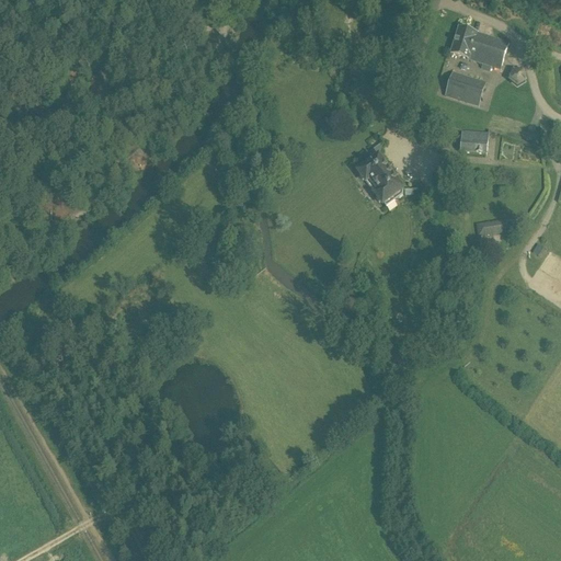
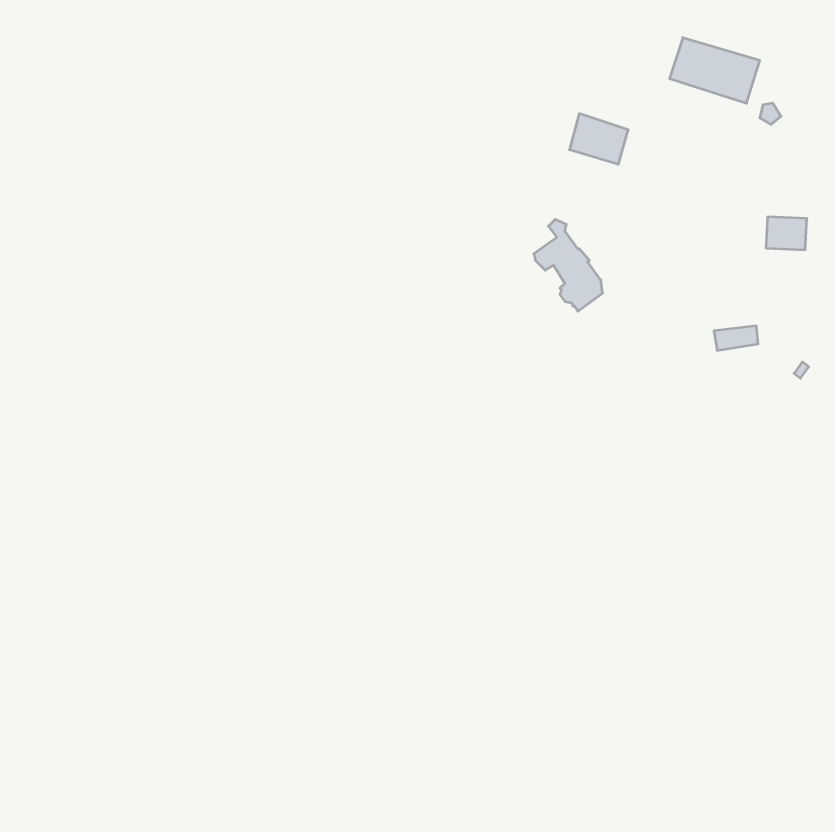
building: [445,71,484,105] -> [569,114,628,164]
building: [460,130,488,152] -> [766,217,807,250]

